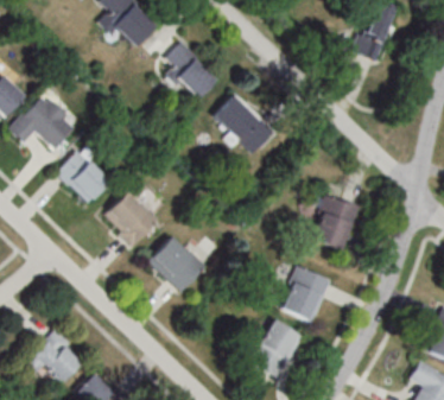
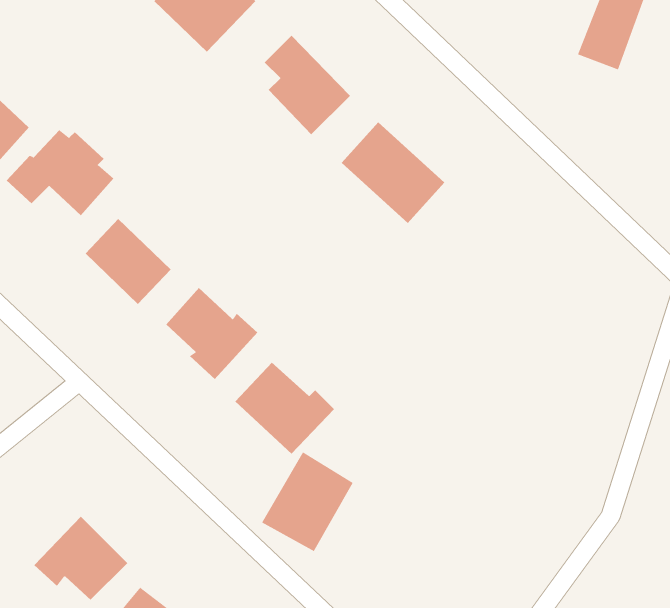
building: [311,195,360,250] -> none
building: [280,265,331,322] -> none
building: [247,317,303,377] -> [261,451,354,552]

